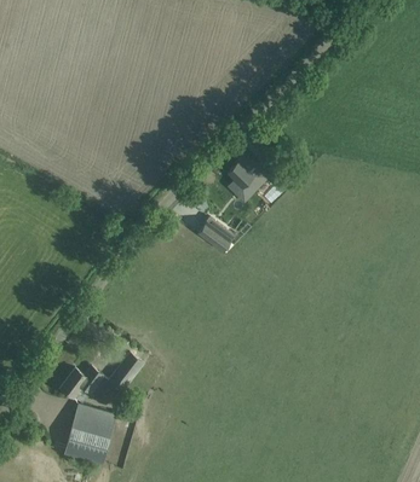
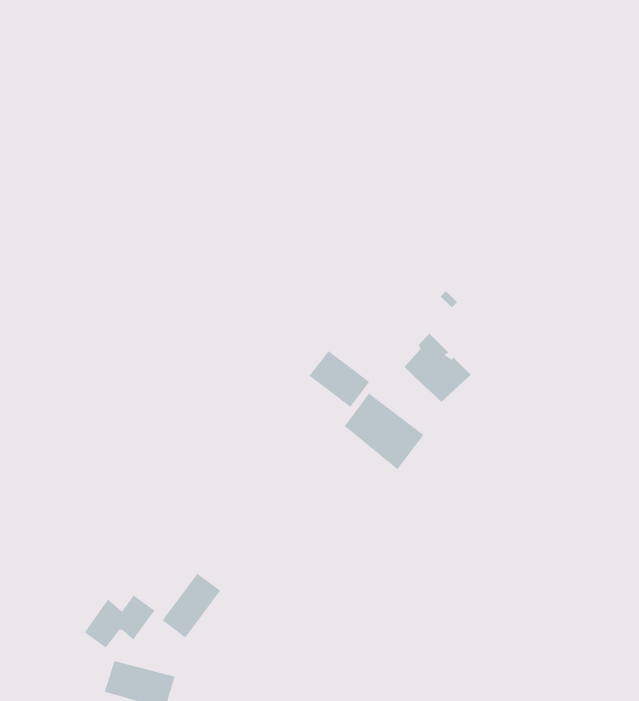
building: [229,153,270,196] -> [404,333,471,403]
building: none -> [344,392,424,470]

